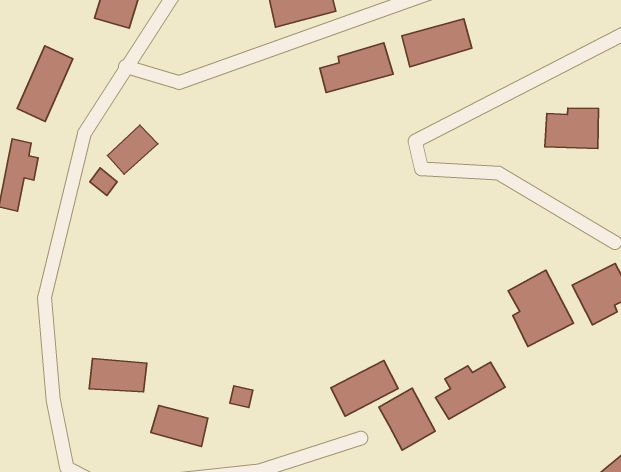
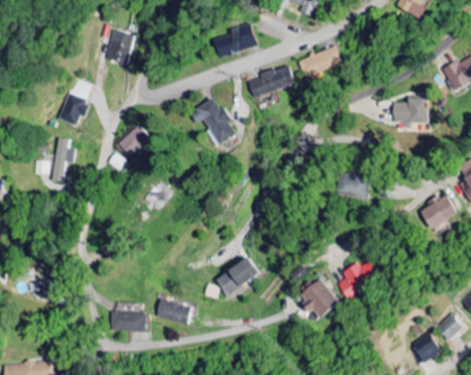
building: none -> [192,97,237,145]
building: none -> [335,172,366,197]
building: [508,270,573,346] -> none
building: [89,359,147,392] -> [112,311,147,331]
building: [331,361,398,416] -> [216,258,258,294]

